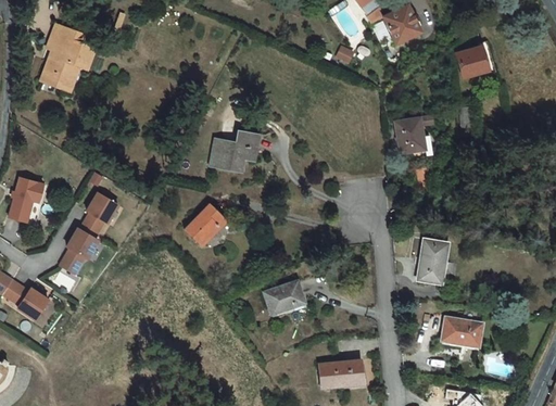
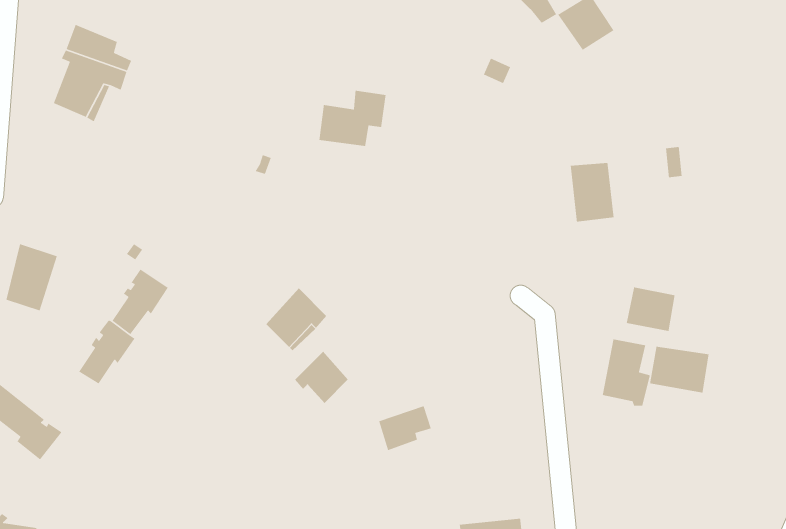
building: [457,41,493,76] -> none
building: [212,129,258,168] -> [318,90,387,147]
building: none -> [626,287,676,332]
building: none -> [294,351,349,404]
building: [441,316,482,348] -> [649,346,710,393]

